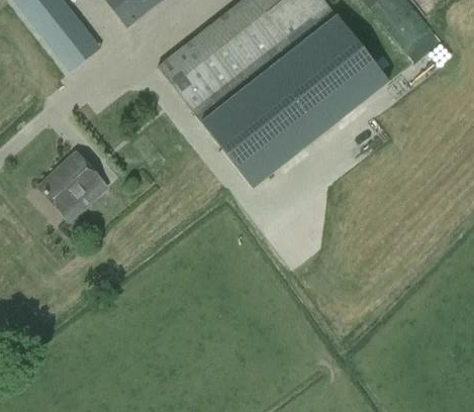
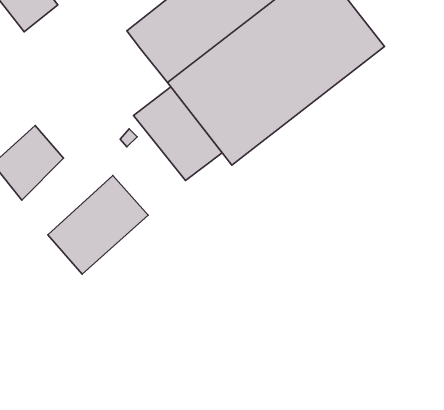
building: none -> [134,87,222,181]
building: none -> [48,175,148,274]

